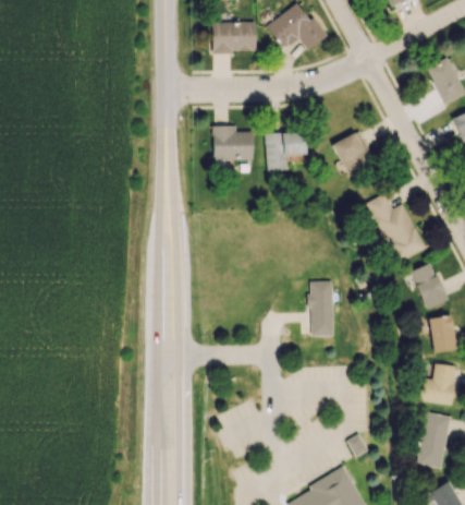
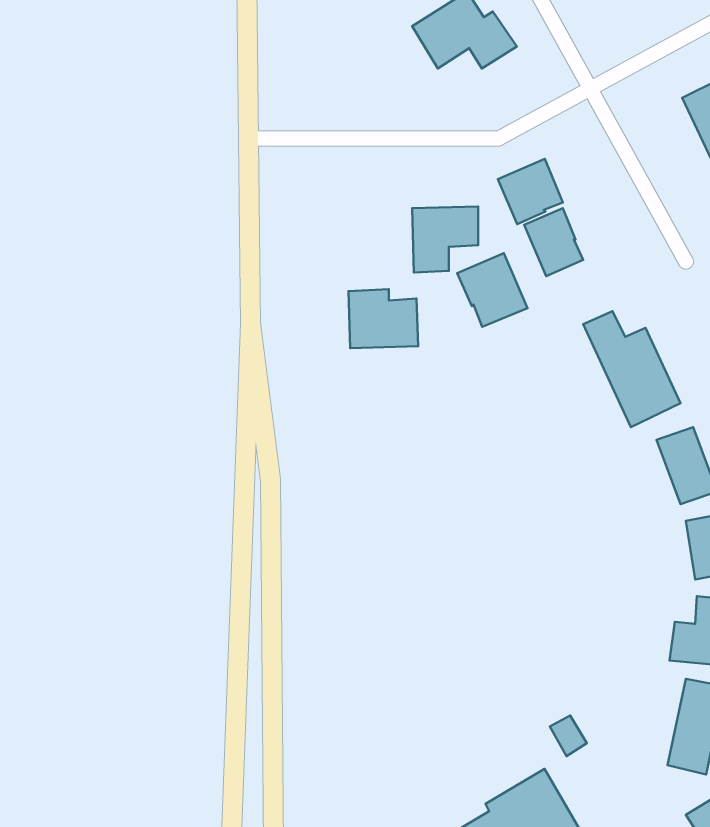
building: [212,22,256,52] -> none
building: none -> [498,159,563,224]
building: [212,125,254,160] -> [348,289,418,348]
building: none -> [457,253,527,327]
building: [308,281,334,336] -> none

